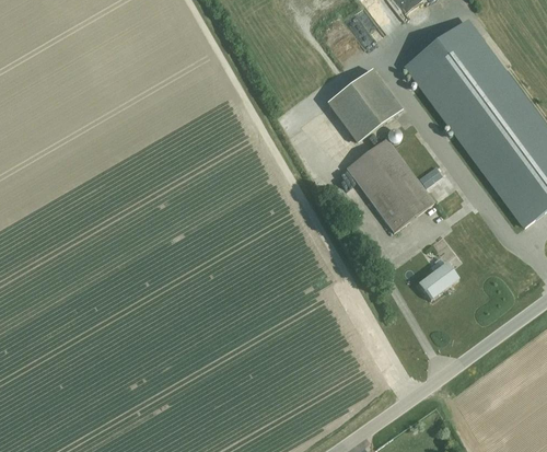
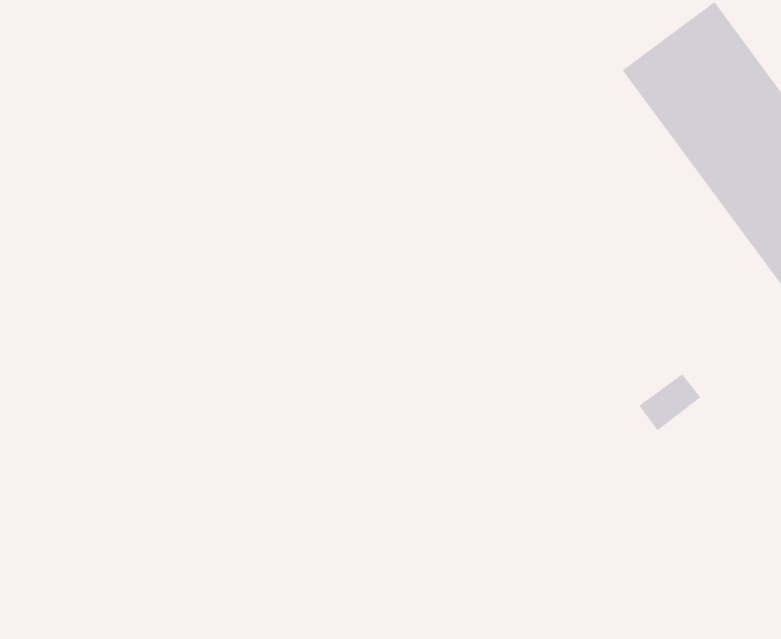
building: [329,71,399,140] -> none
building: [346,137,434,231] -> none

